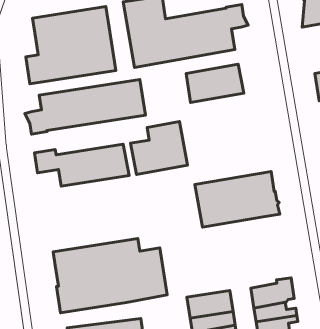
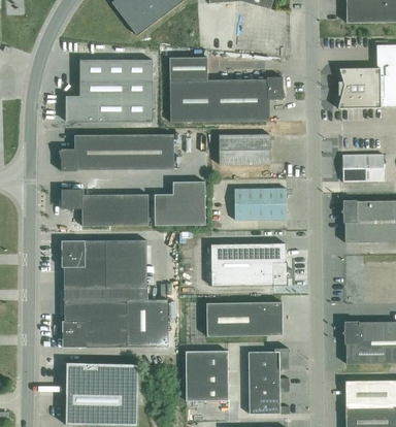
building: none -> [234,188,287,220]
building: none -> [61,239,147,287]
building: none -> [206,301,283,336]

